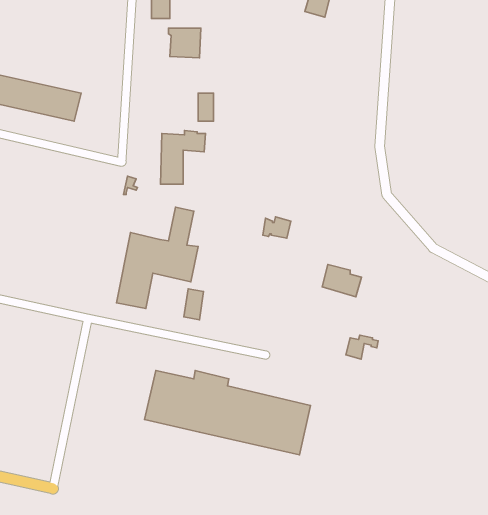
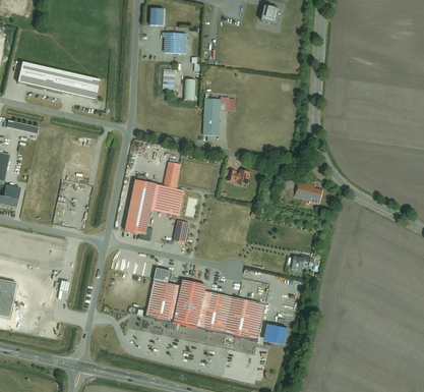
building: [161,131,206,184] -> [203,96,236,134]
building: [322,264,362,297] -> [295,180,323,204]

